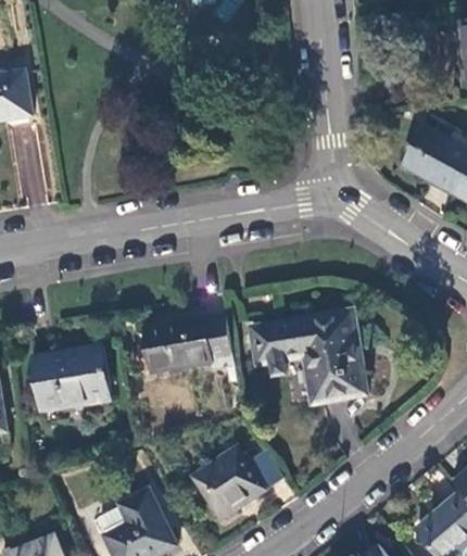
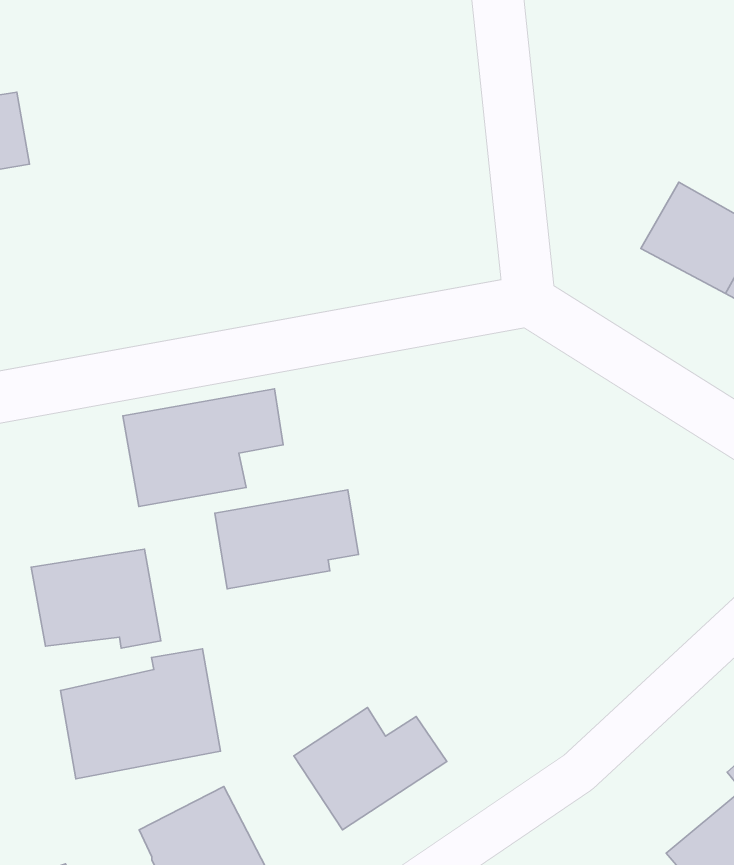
building: none -> [123,389,283,506]
building: [251,311,365,404] -> none
building: none -> [61,649,221,779]

